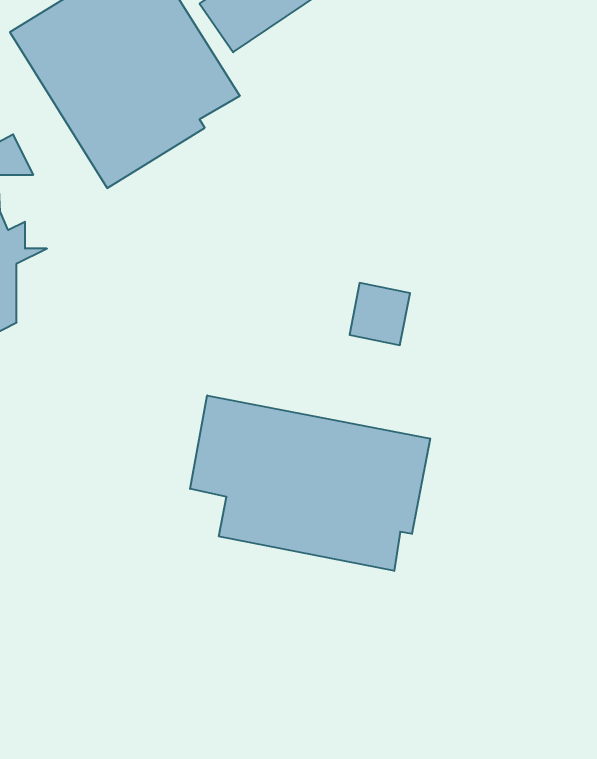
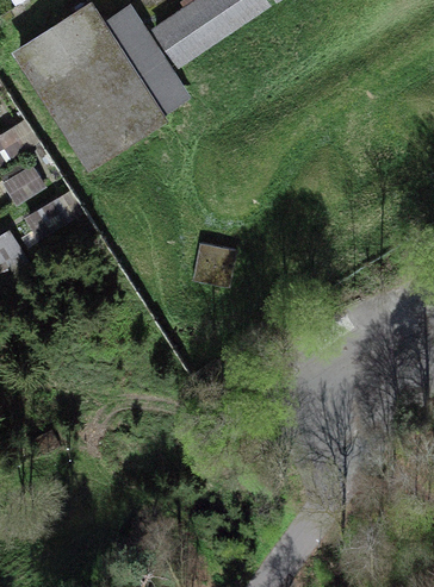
building: [350,283,410,345] -> [190,243,232,287]
building: [190,395,430,571] -> none

